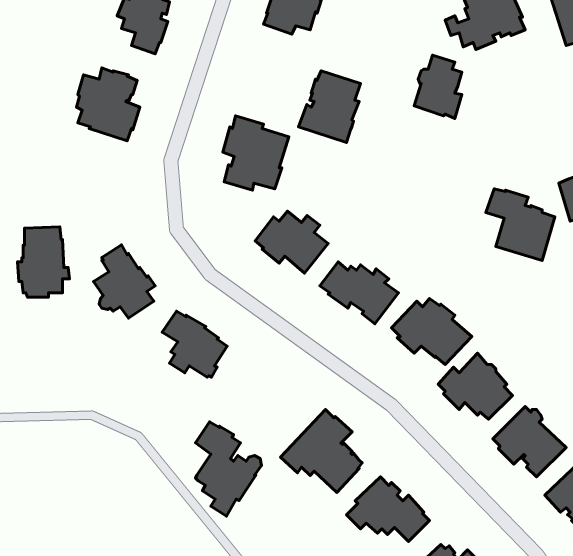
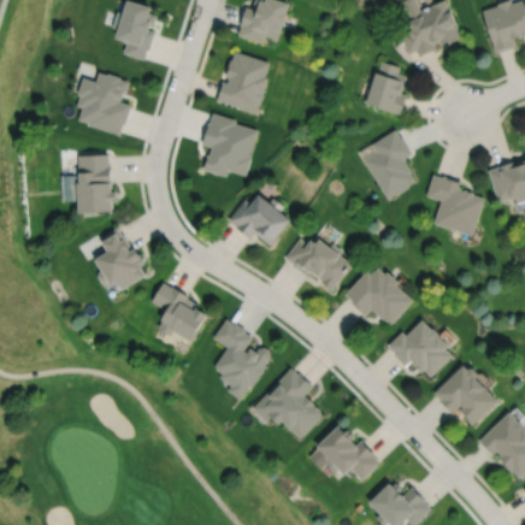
building: [299,71,360,142] -> [216,53,269,114]
building: none -> [365,131,417,201]
building: [18,227,70,297] -> [71,153,116,213]
building: [195,422,262,516] -> [213,318,270,399]

